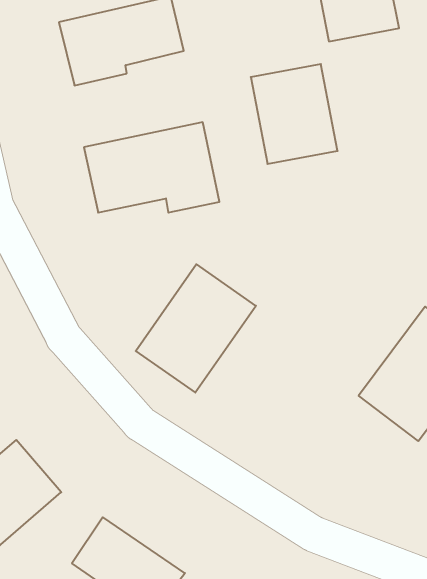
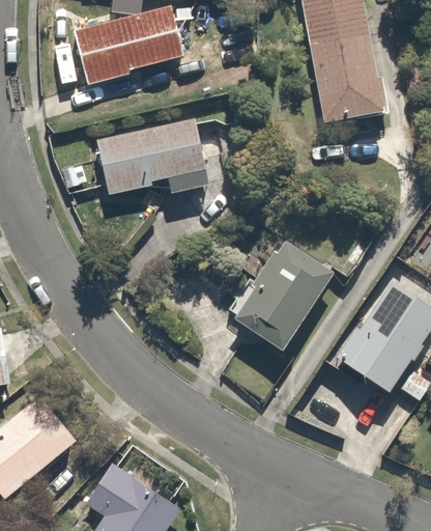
building: [251,64,338,164] -> [309,35,384,122]
building: [136,264,256,393] -> [229,239,334,351]

